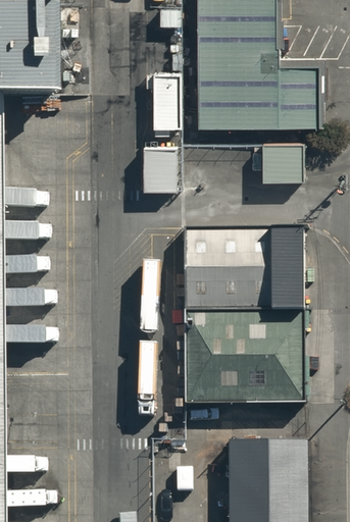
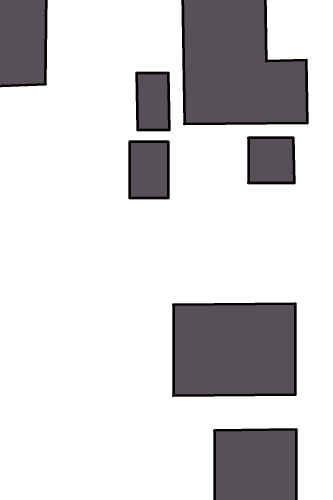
building: [184,231,308,314] -> none

